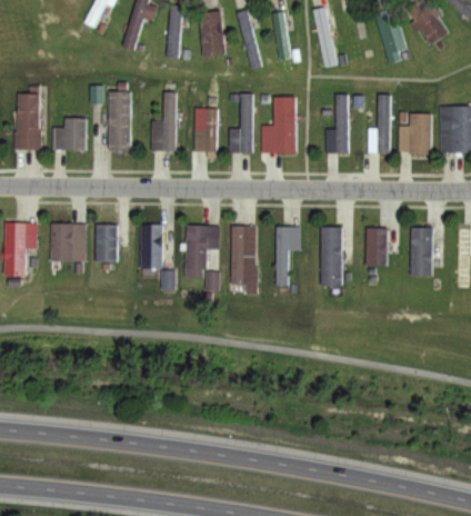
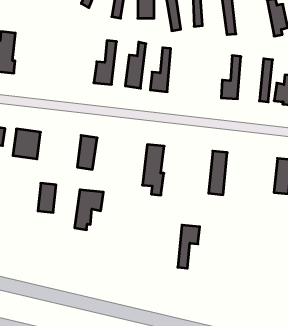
building: [109,91,130,151] -> none
building: [274,96,295,153] -> none
building: [52,118,84,149] -> none
building: [96,225,117,262] -> [38,183,56,212]
building: [186,225,220,278] -> [75,190,103,230]
building: [275,227,300,285] -> [178,225,200,268]
building: [367,228,387,265] -> none

